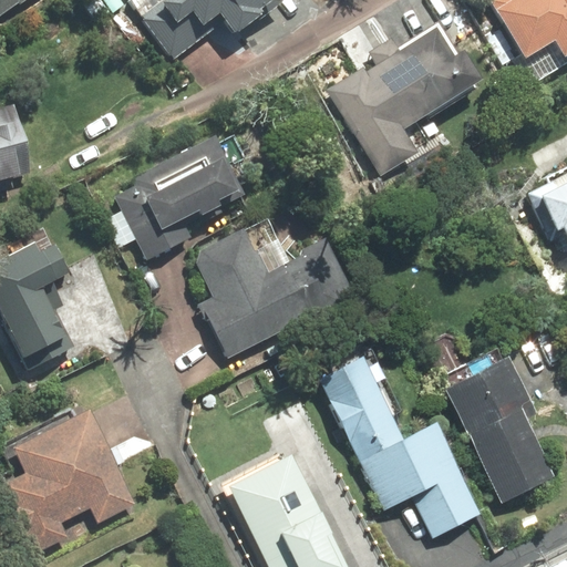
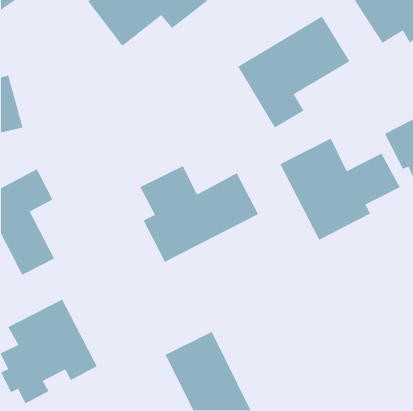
building: [107,132,243,262] -> none
building: none -> [279,137,401,241]
building: [315,352,482,539] -> none
building: [441,354,557,504] -> none

